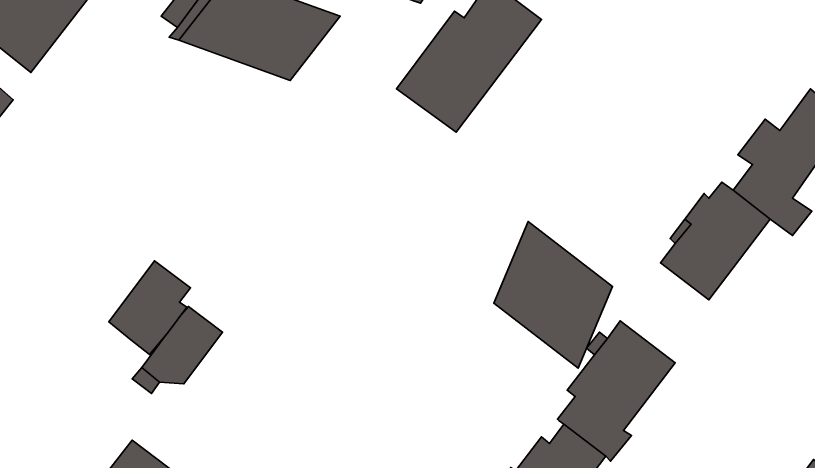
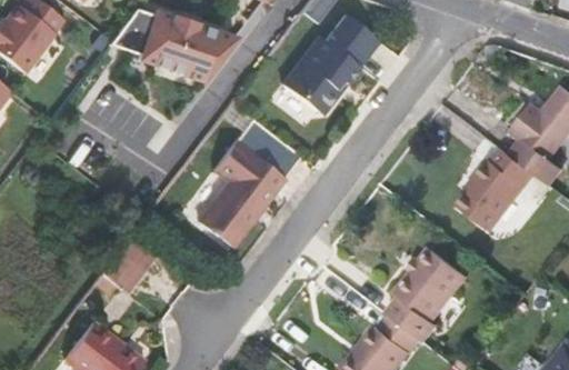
building: none -> [194,134,298,247]
building: [494,222,612,368] -> none
building: [109,261,191,354] -> none

